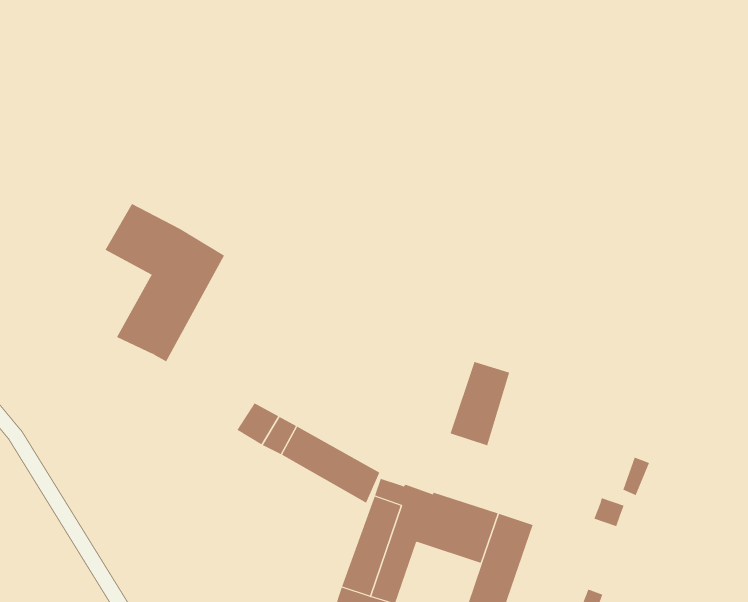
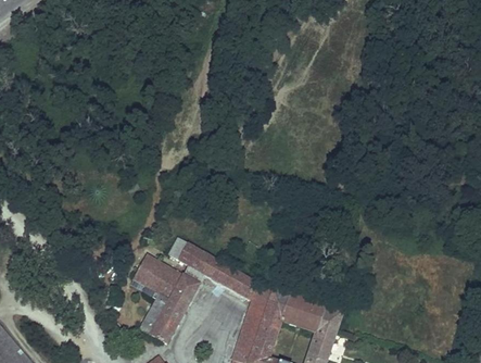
building: [104,203,225,362] -> [131,254,199,343]
building: [450,361,510,446] -> none

